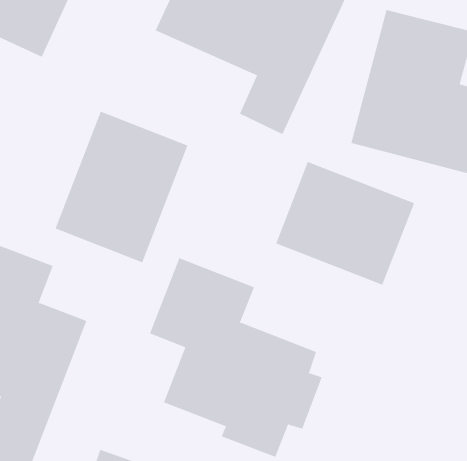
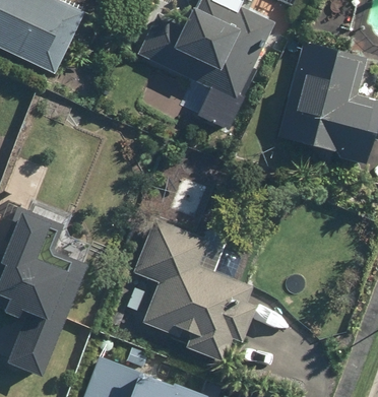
building: [55,111,188,263] -> none
building: [275,161,415,286] -> none

